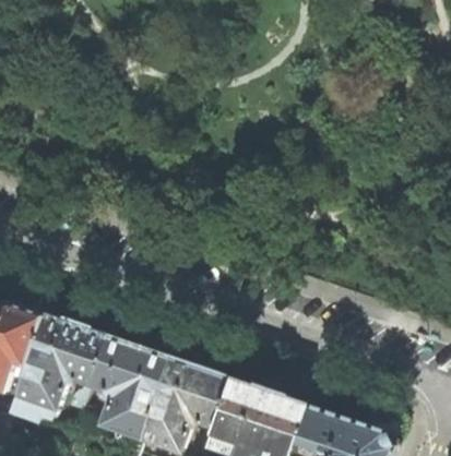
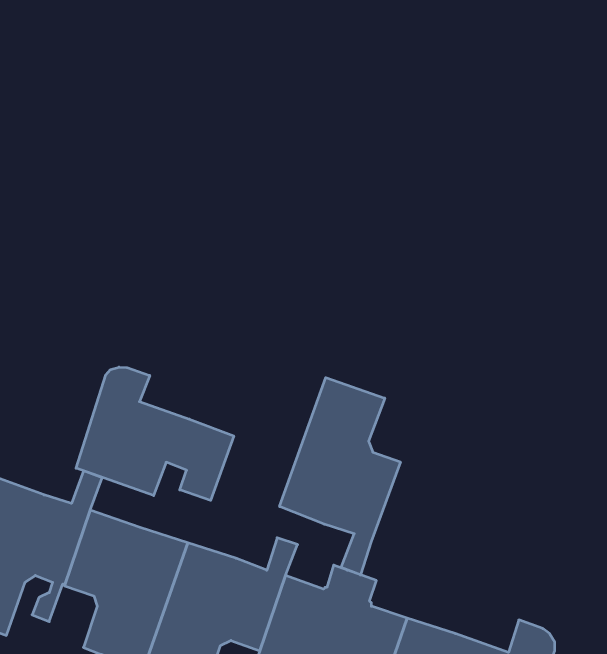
building: none -> [76,367,234,500]
building: none -> [280,378,400,575]

